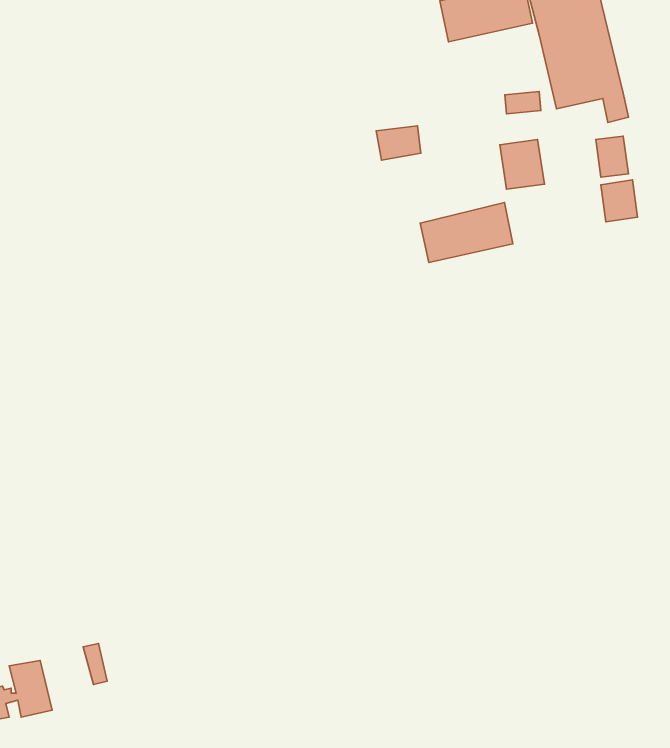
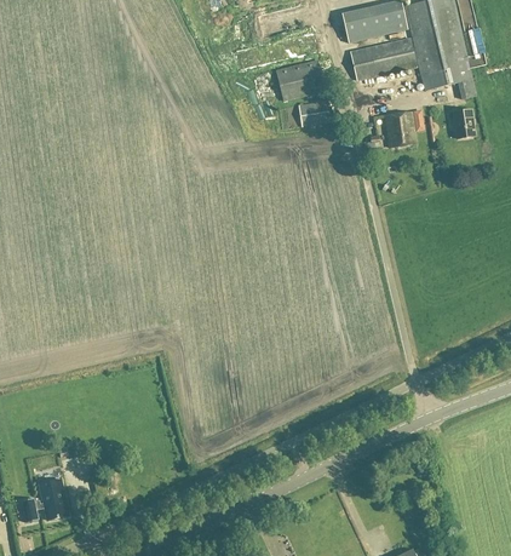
building: none -> [276,59,325,99]
building: [601,180,637,222] -> none
building: [420,203,513,263] -> [351,36,417,79]

